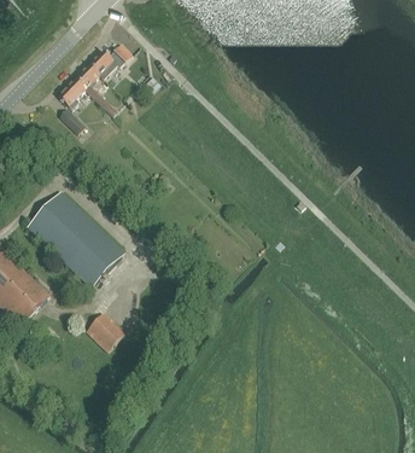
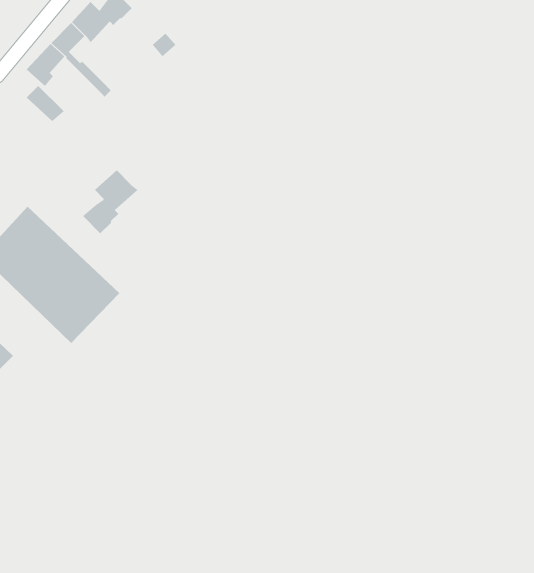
building: none -> [82,169,138,234]
building: [84,310,124,349] -> none

